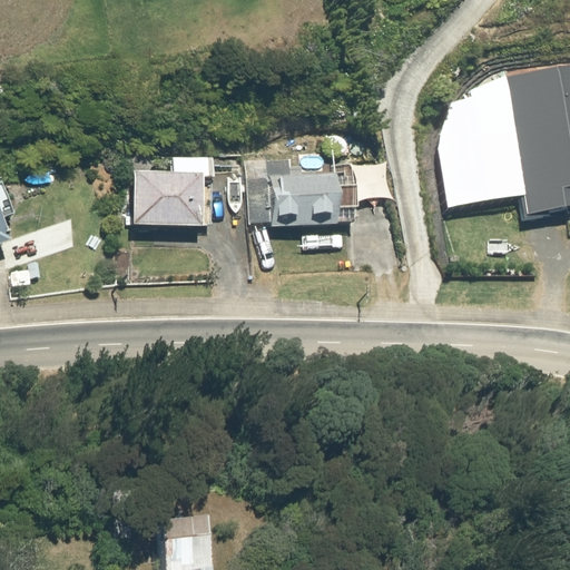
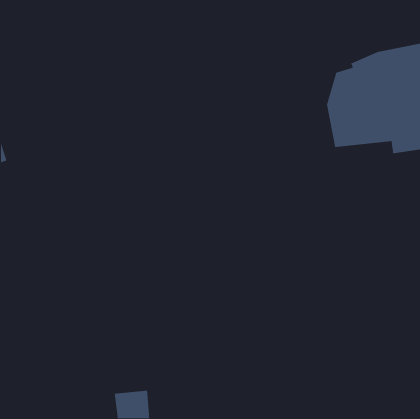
building: [130,157,212,234] -> none
building: [249,167,354,228] -> none

